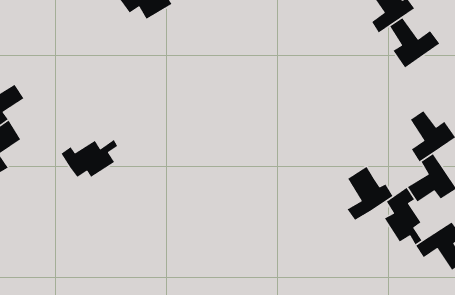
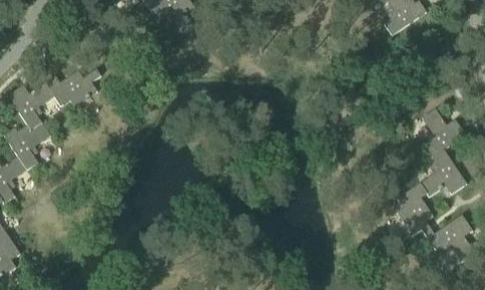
building: [389,17,441,68] -> none
building: [60,139,118,178] -> [44,70,99,107]
building: [346,166,394,221] -> none

